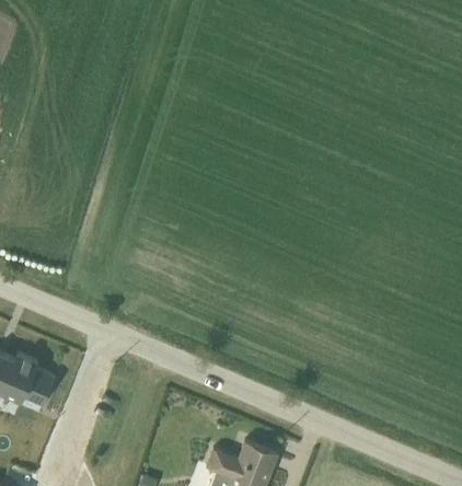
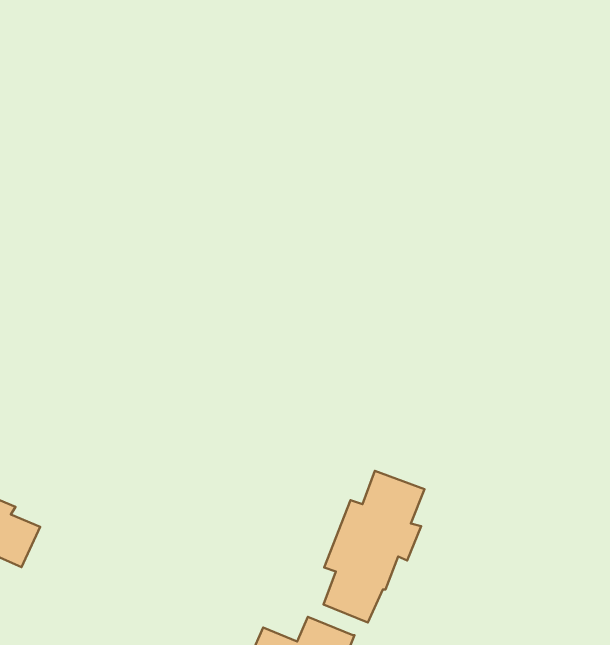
building: none -> [323,471,425,623]

